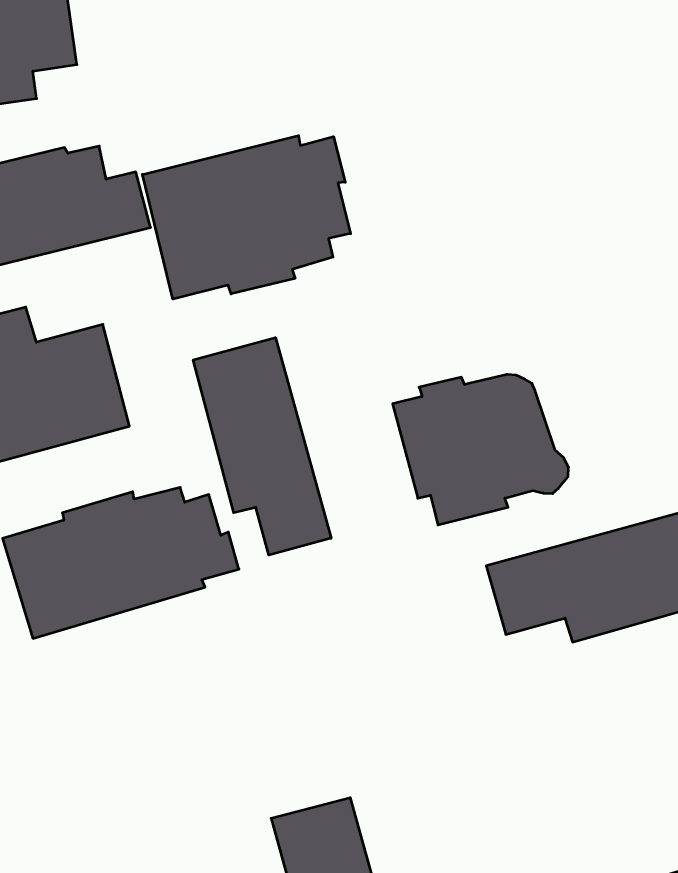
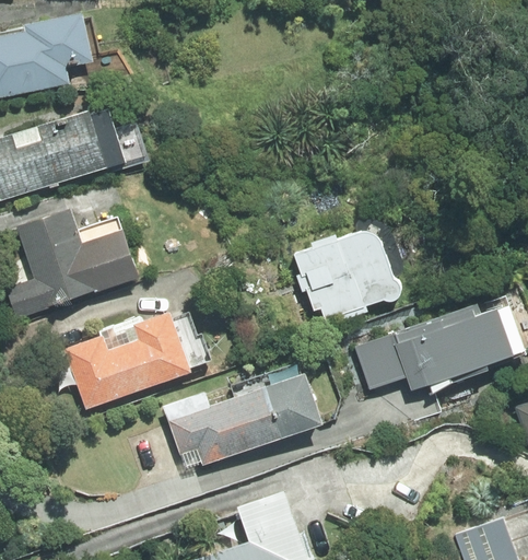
building: [142,136,351,299] -> none
building: [193,338,331,555] -> none
building: none -> [163,362,322,471]

